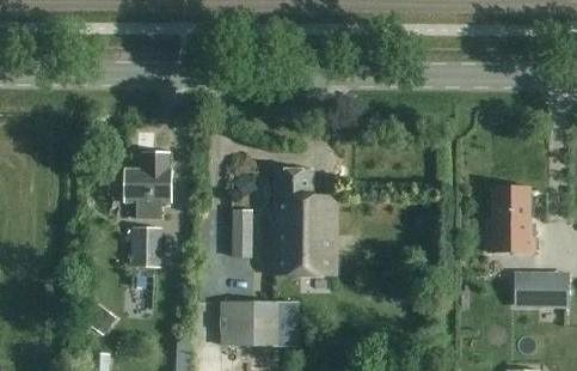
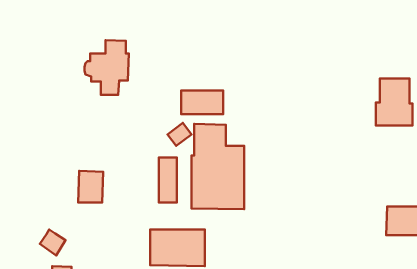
building: none -> [181,90,223,114]
building: [116,150,171,218] -> [85,40,129,95]
building: [490,193,535,251] -> [376,79,412,126]

